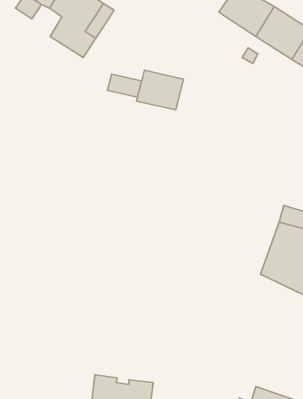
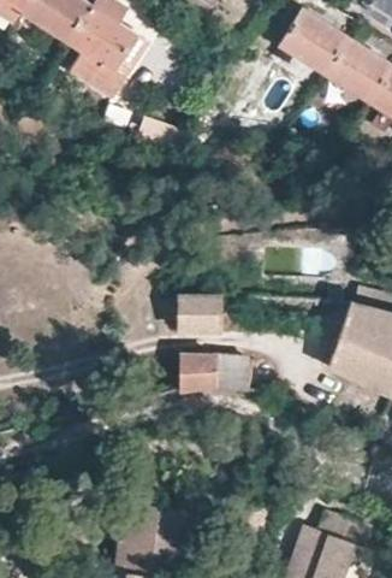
building: [137,70,184,110] -> none
building: none -> [180,296,219,328]
building: none -> [179,355,250,389]

